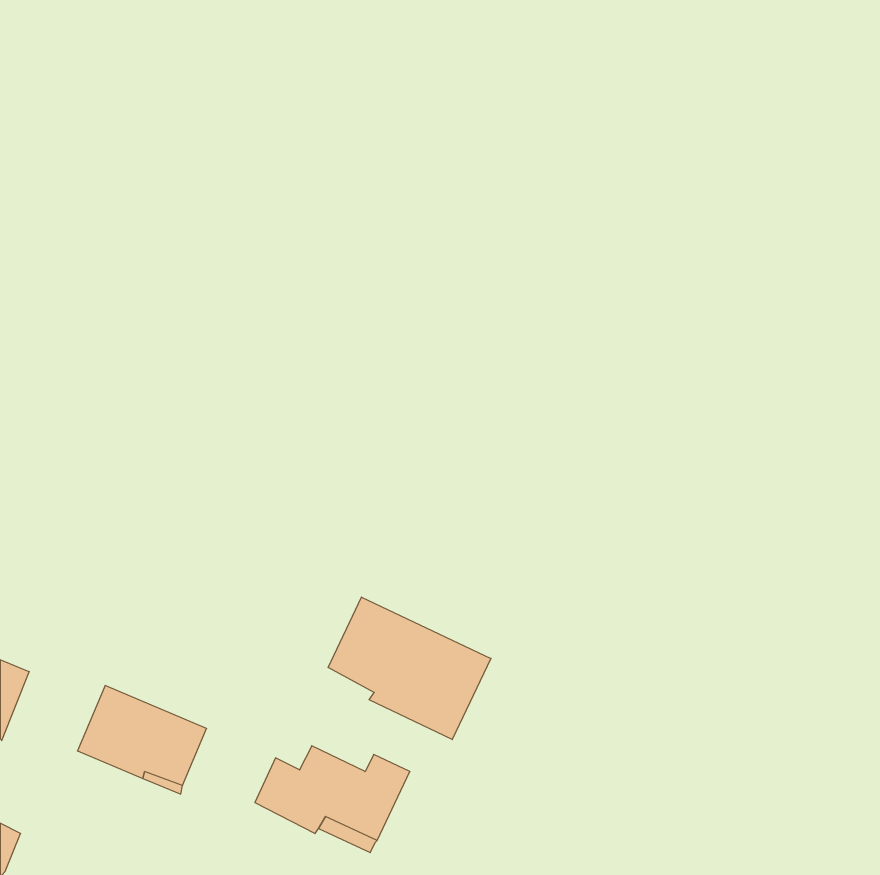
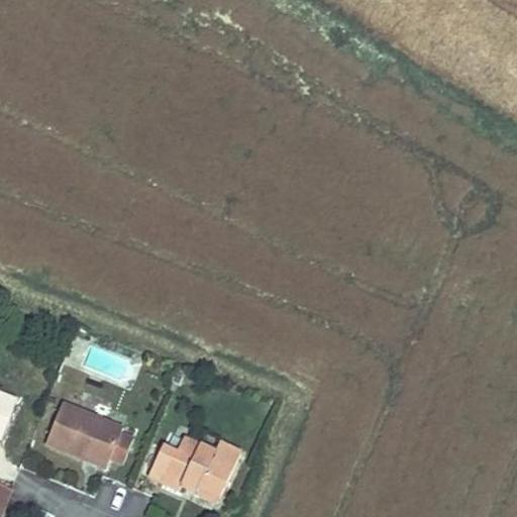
building: [328,597,491,740] -> none

